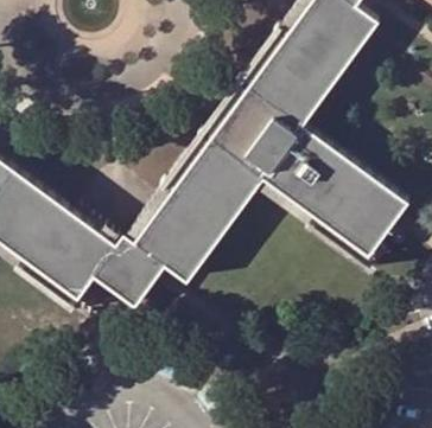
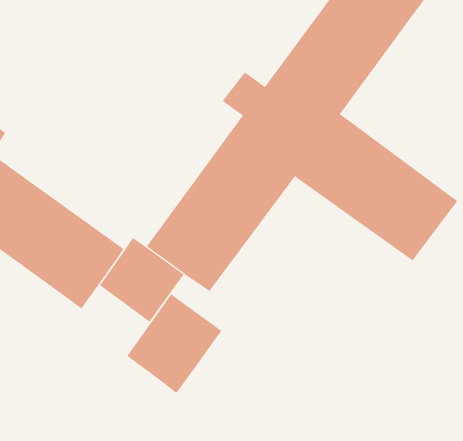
building: none -> [127,293,222,394]

